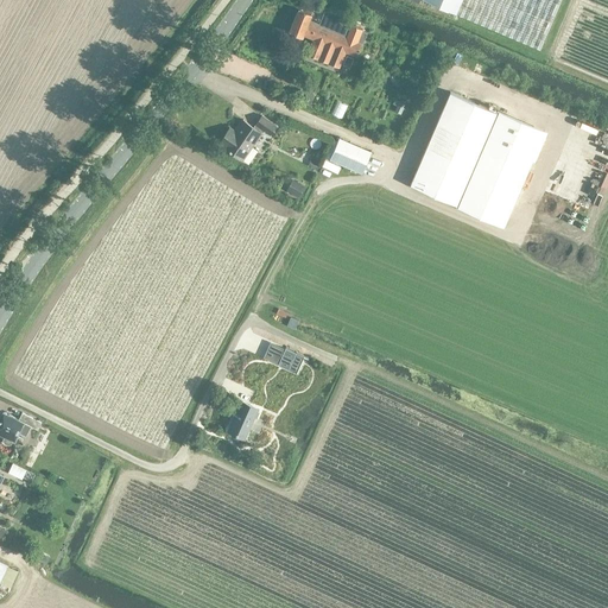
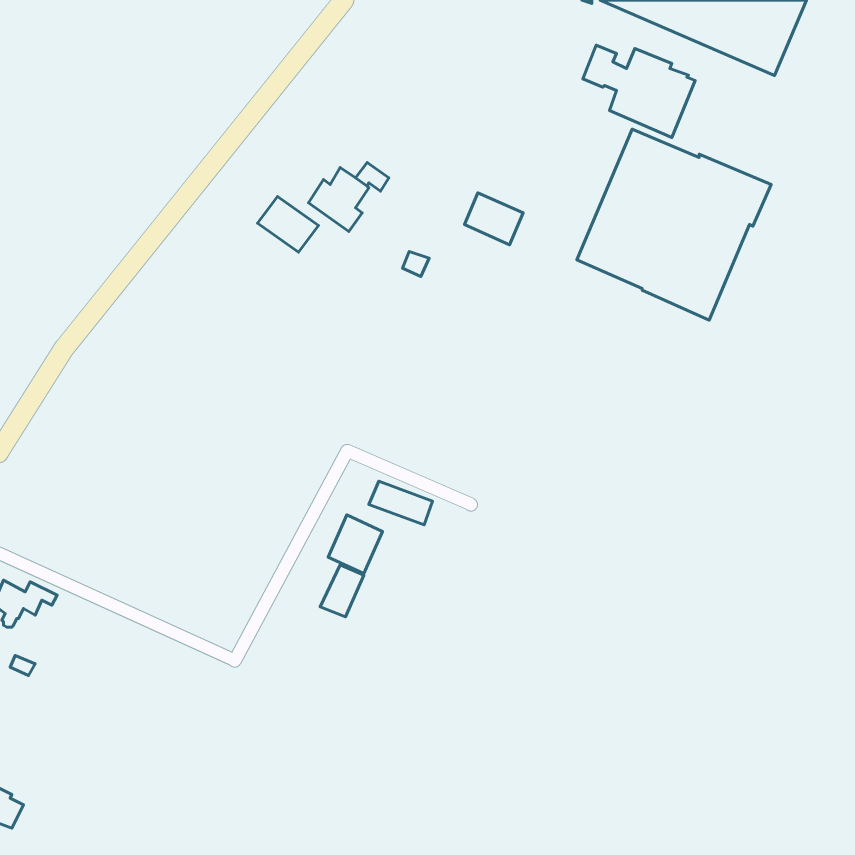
building: [287,8,367,74] -> [583,45,695,137]
building: none -> [258,196,318,252]
building: none -> [328,515,382,574]

